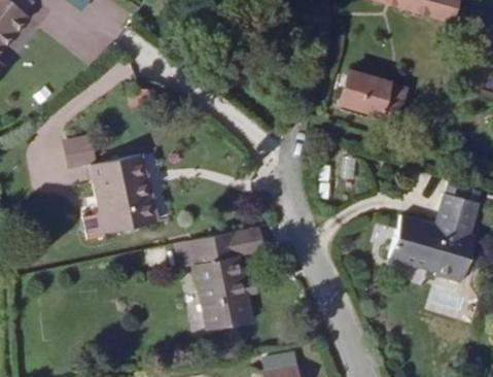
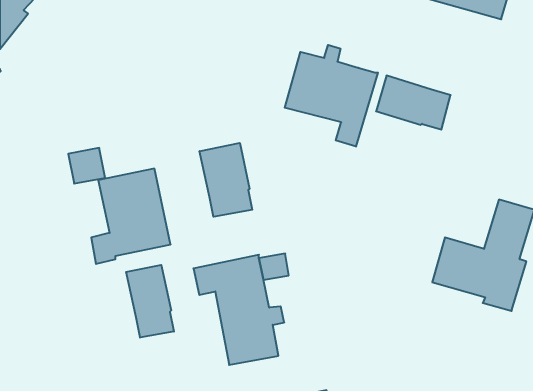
building: none -> [285,45,378,147]
building: none -> [200,143,252,217]
building: none -> [126,265,174,338]

